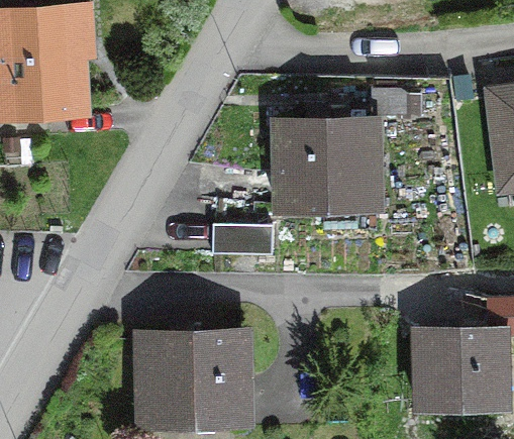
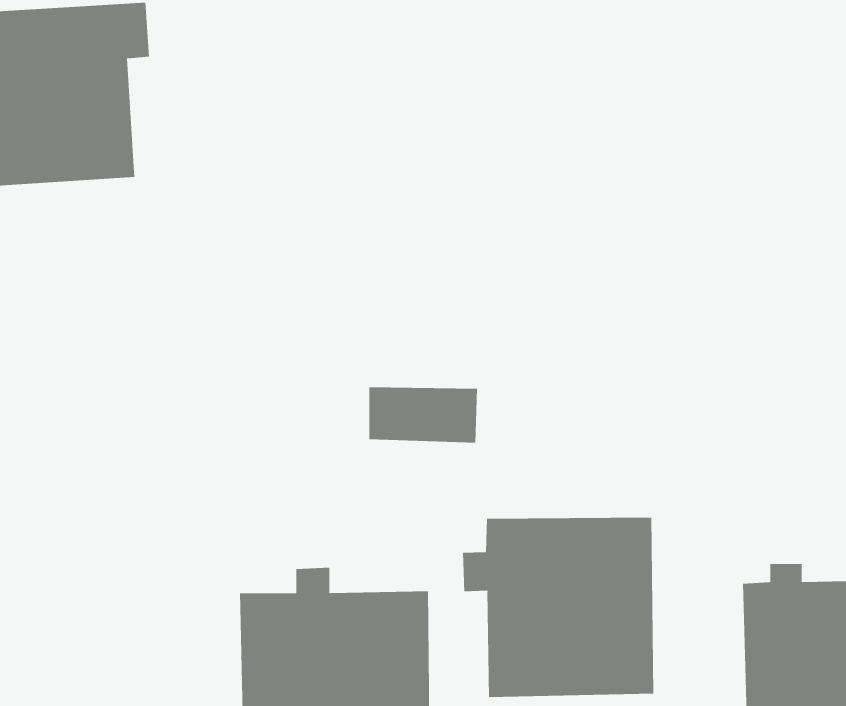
building: [276,107,374,212] -> none
building: none -> [463,517,654,698]

